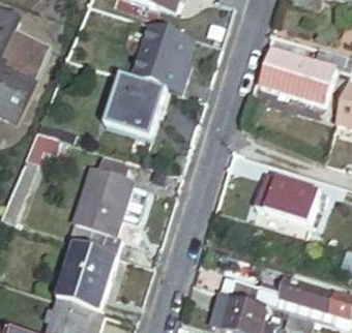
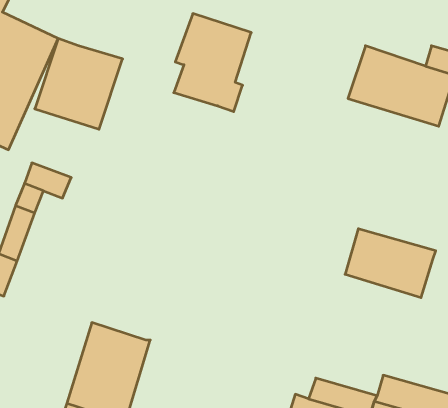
building: [104,74,166,139] -> [35,38,123,129]
building: [68,158,133,254] -> none

